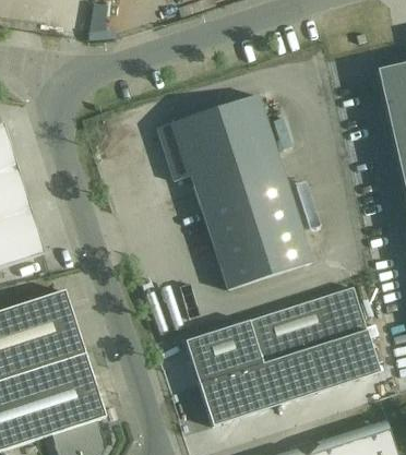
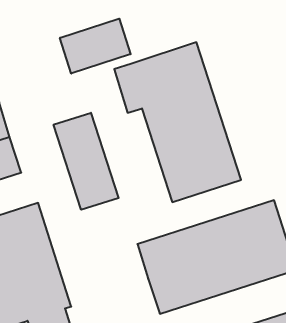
building: none -> [60,19,131,74]
building: none -> [54,113,119,210]

